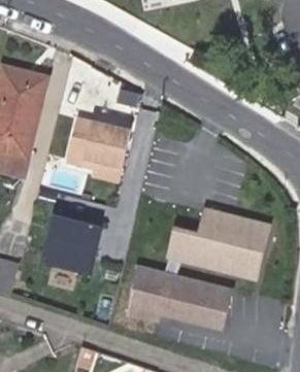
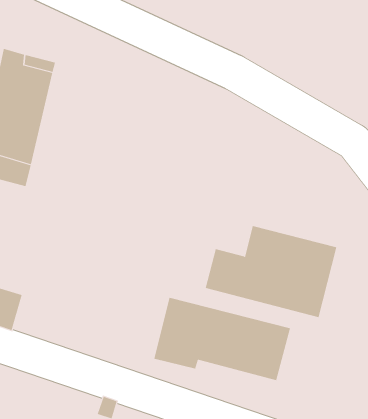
building: [70,120,129,168] -> none
building: [40,213,104,277] -> none

